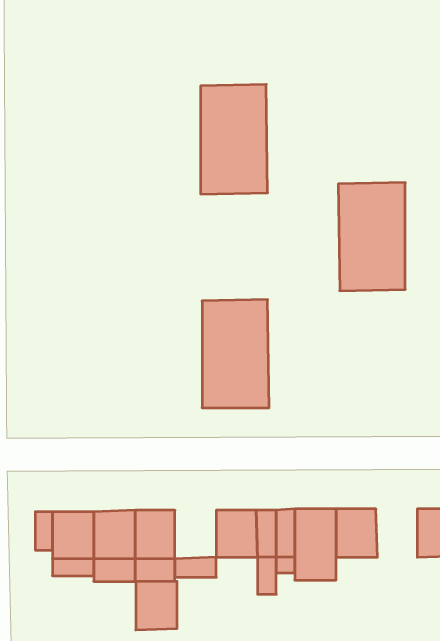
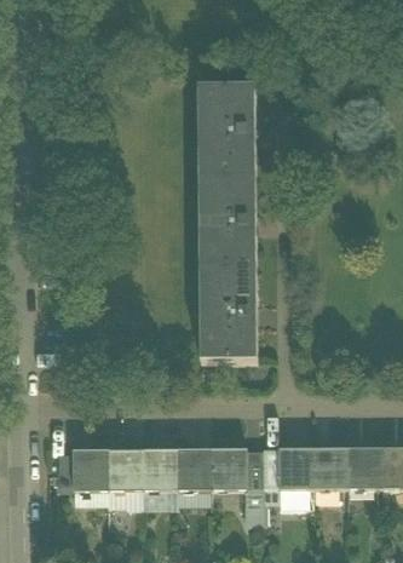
building: [338,183,405,291] -> [198,178,255,270]
building: none -> [347,447,382,488]
building: [136,581,177,630] -> [177,448,212,489]

